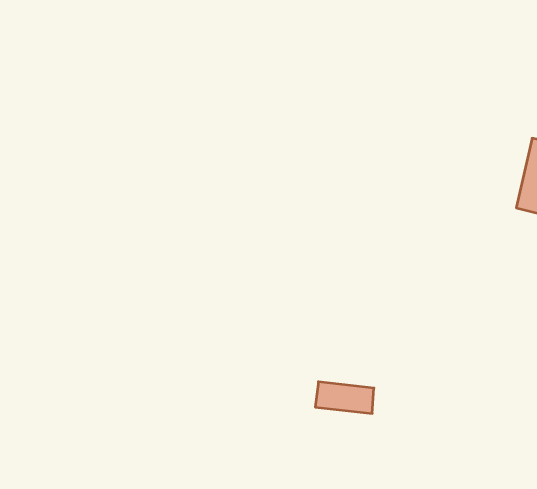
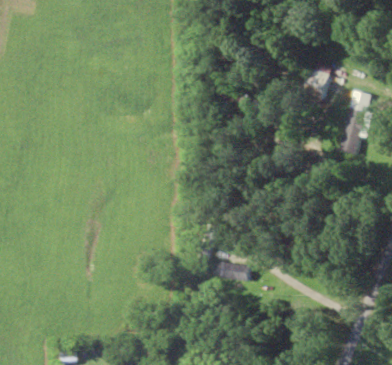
building: none -> [305,68,331,98]

